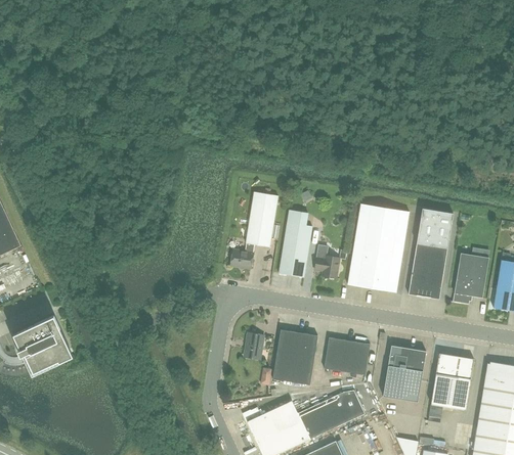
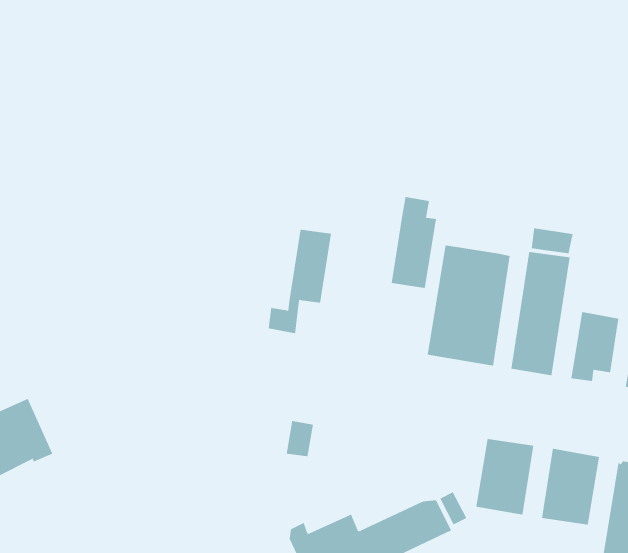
building: none -> [531,228,573,254]
building: [279,210,312,277] -> [391,197,437,289]
building: [314,256,339,278] -> none
building: [272,329,317,384] -> none
building: [324,337,370,375] -> none

